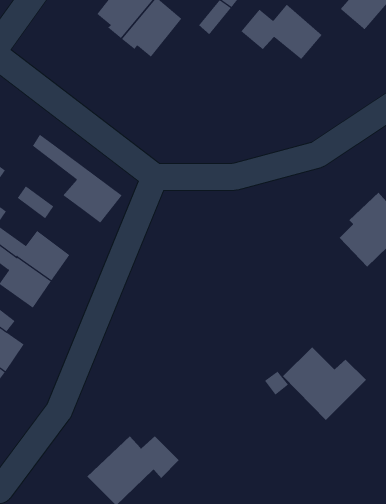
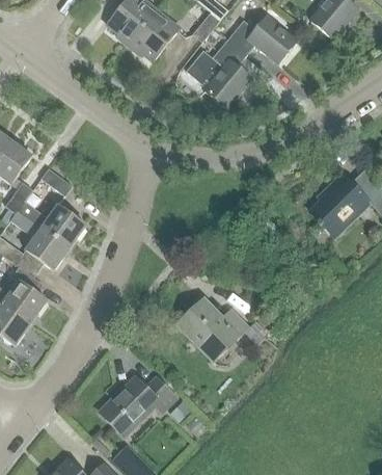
building: none -> [186,38,251,107]
building: [32,134,123,224] -> none
building: [282,346,367,421] -> [178,298,248,361]

